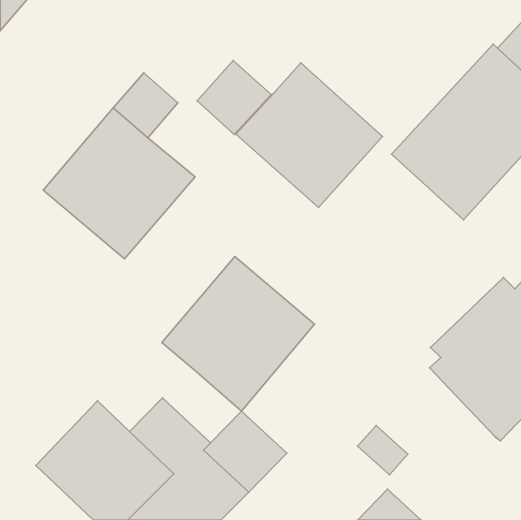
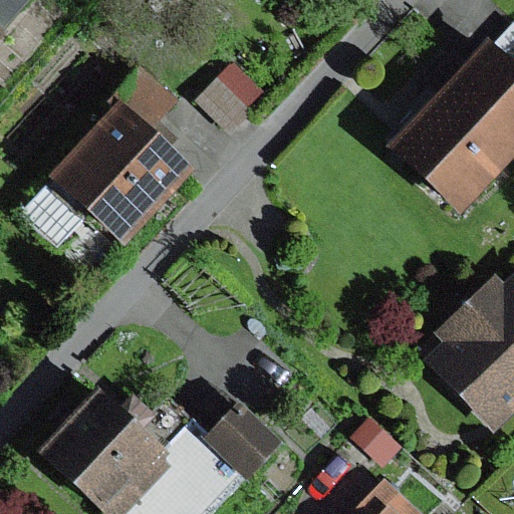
building: [236,63,383,208] -> none
building: [162,256,314,411] -> none

